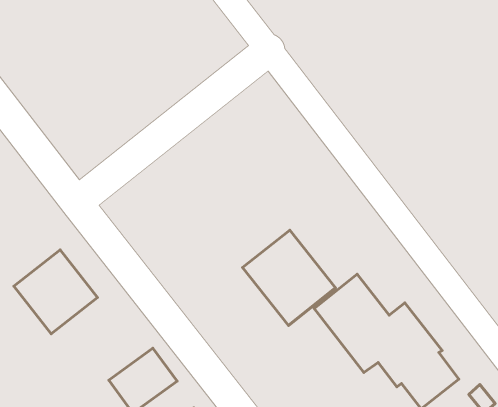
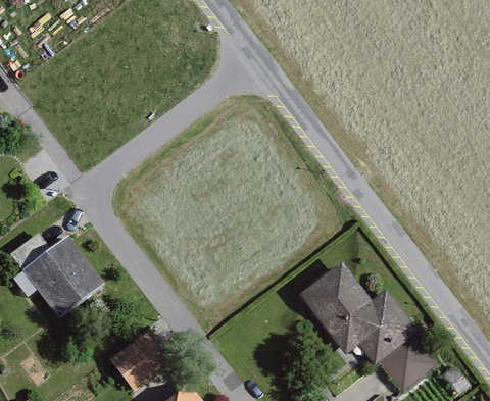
building: [243,230,335,325] -> none

